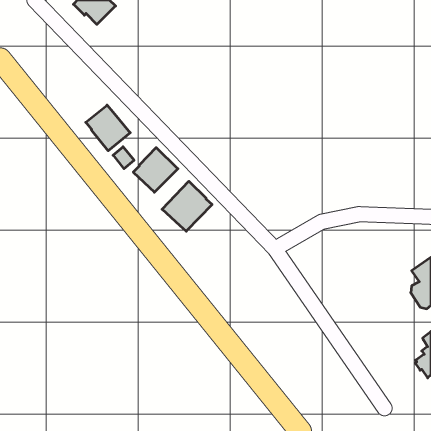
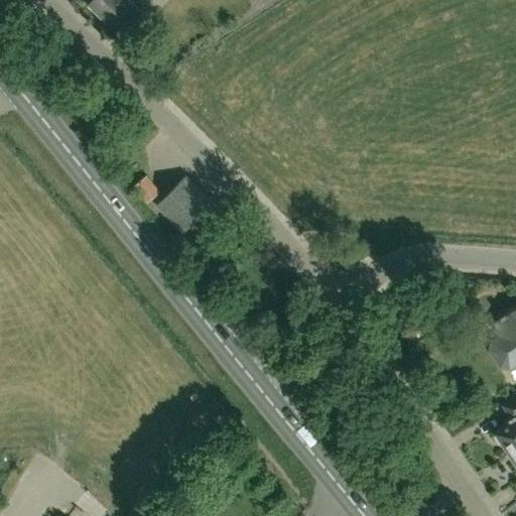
building: [86,105,130,151] -> none
building: [162,181,212,231] -> none

